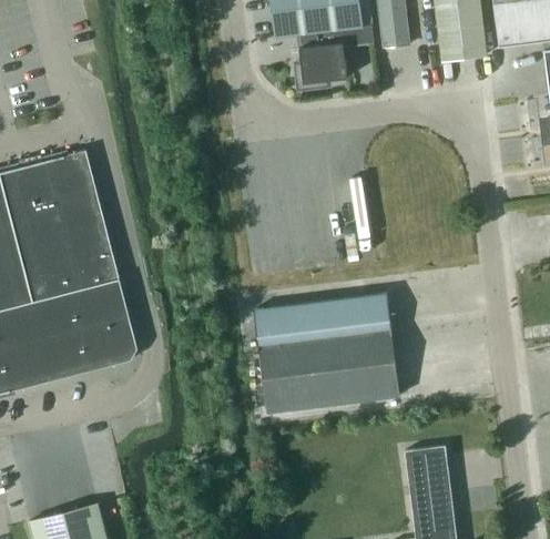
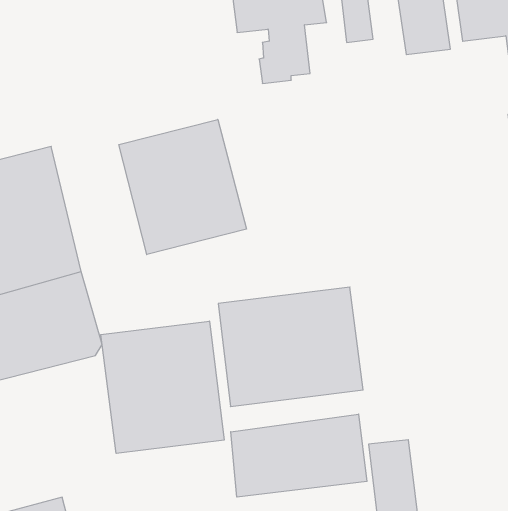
building: none -> [119,119,246,255]
building: none -> [101,321,224,453]
building: none -> [231,414,367,497]

